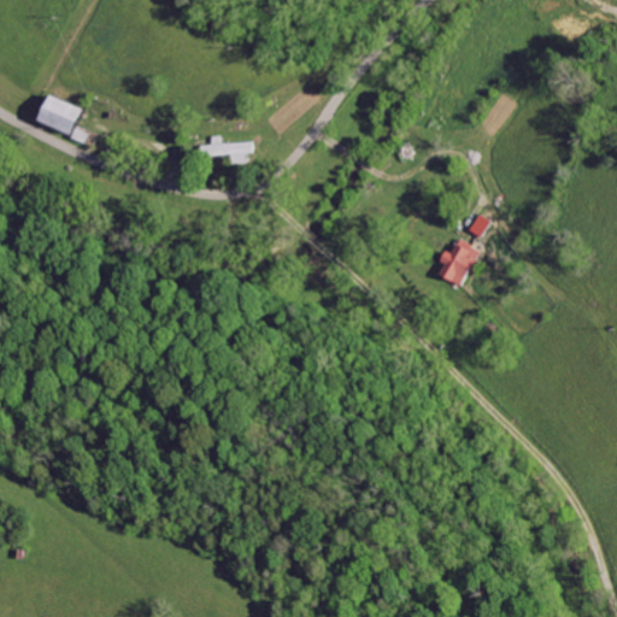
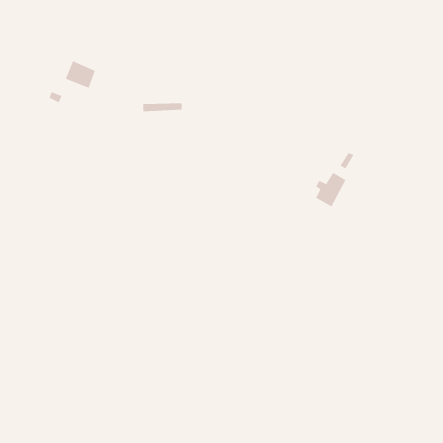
building: [34,93,77,133] -> [65,60,96,89]

